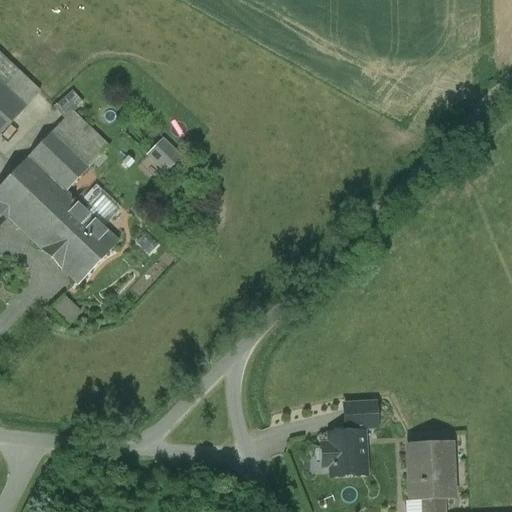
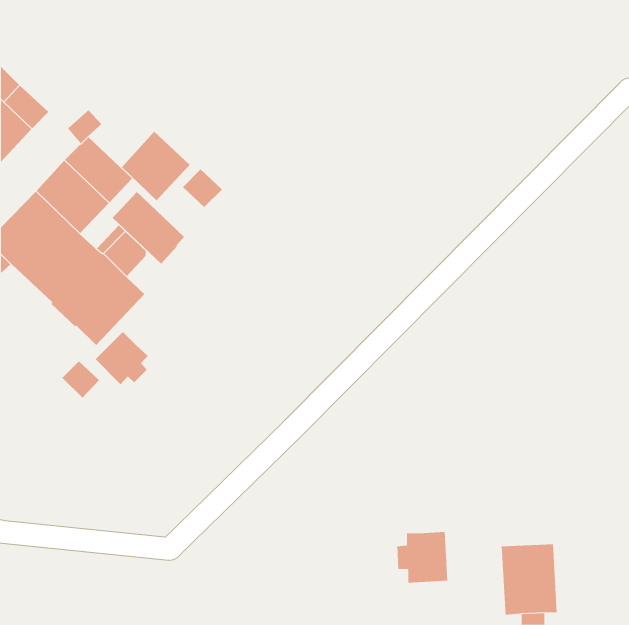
building: none -> [121,131,191,201]
building: none -> [112,191,185,265]
building: none -> [95,331,148,385]
building: [343,401,376,433] -> none

